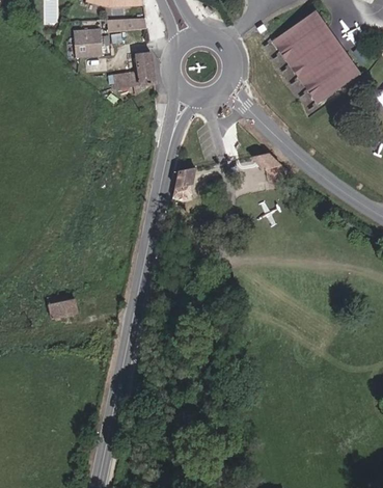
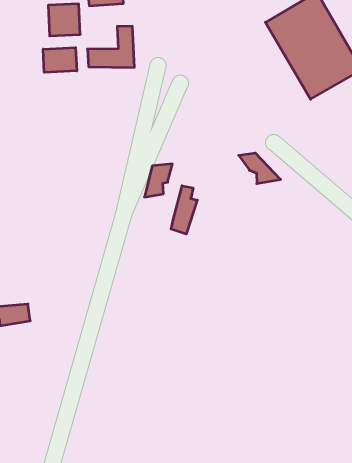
building: none -> [43,48,77,72]
building: none -> [171,186,197,234]

